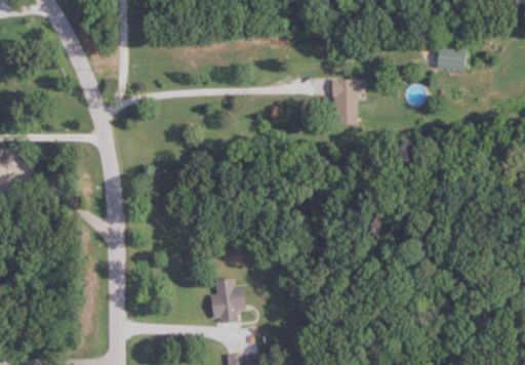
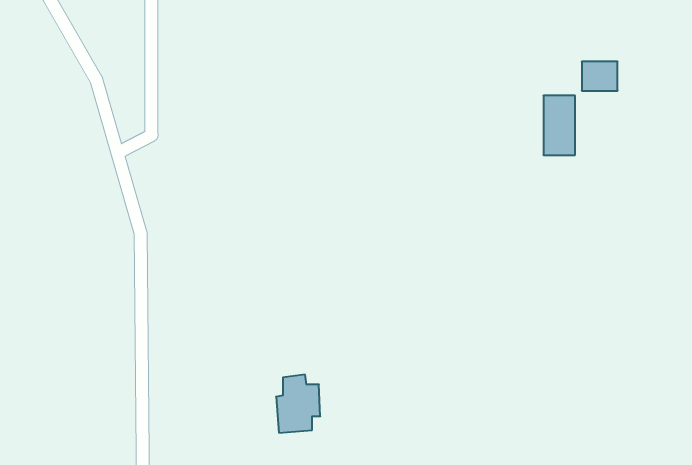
building: [333,79,357,123] -> [543,96,575,155]

